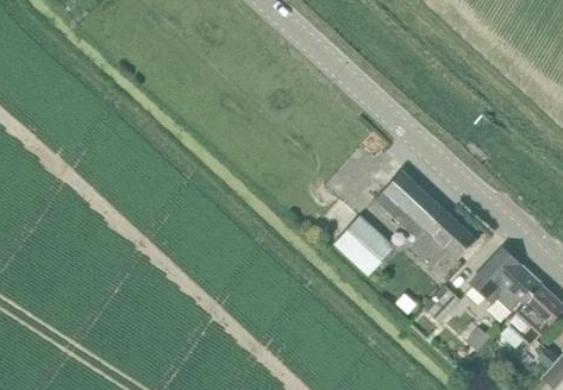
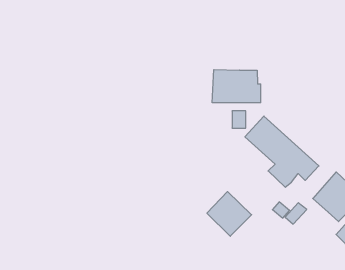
building: none -> [212,70,261,103]
building: [333,213,395,275] -> [207,192,252,236]

